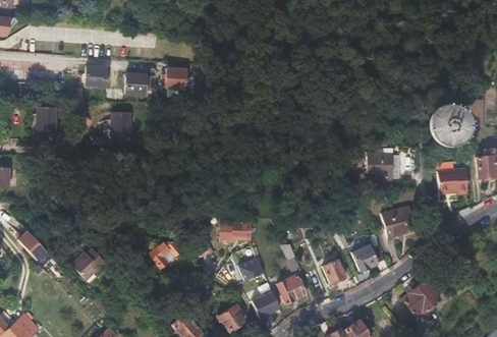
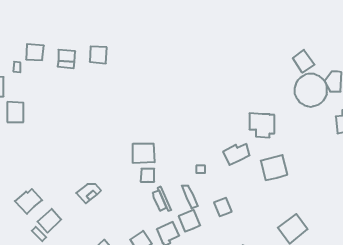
building: none -> [293,50,315,73]
building: [111,111,131,136] -> [7,102,23,122]
building: [436,167,465,190] -> none
building: none -> [133,144,155,163]
building: [352,243,386,270] -> [223,144,250,165]
building: none -> [37,209,61,233]

